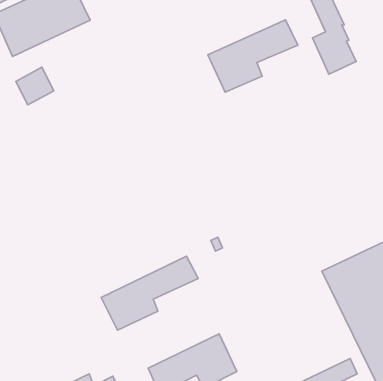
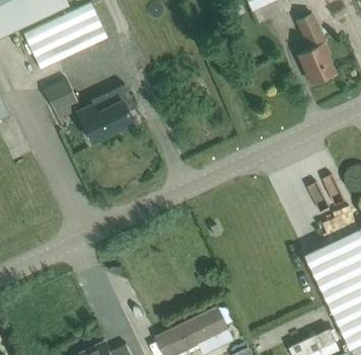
building: [208,20,298,92] -> none
building: none -> [77,85,136,143]
building: [101,256,198,330] -> none

